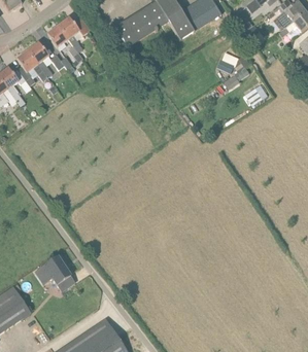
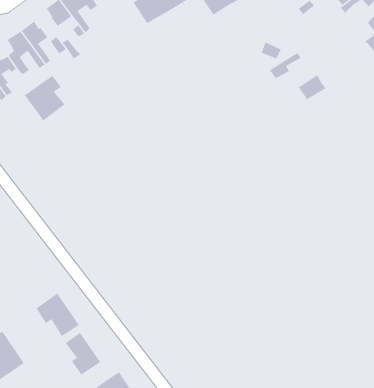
building: none -> [24,75,65,121]
building: none -> [65,332,101,375]

